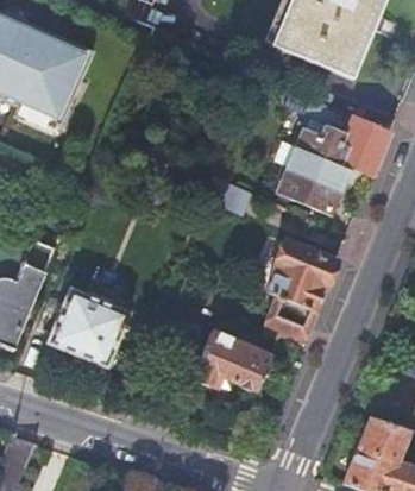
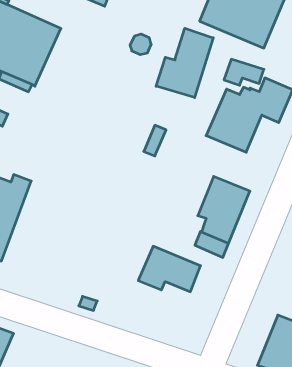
building: none -> [156,28,213,98]
building: [46,290,131,372] -> none

